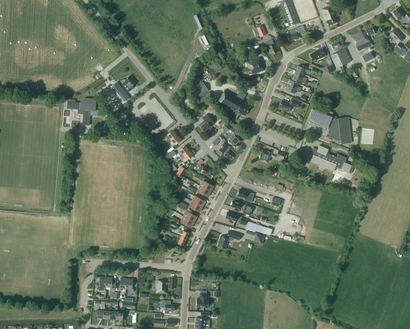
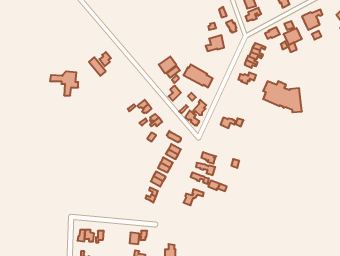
building: [309,145,351,173] -> none

